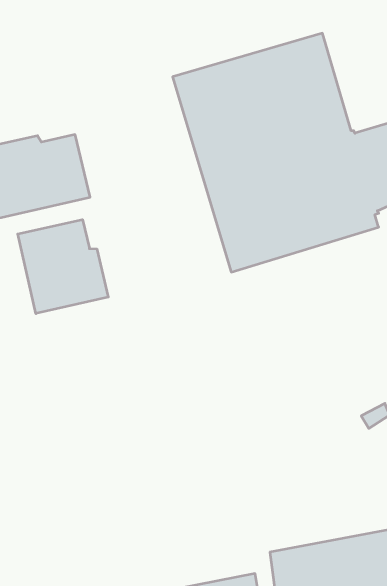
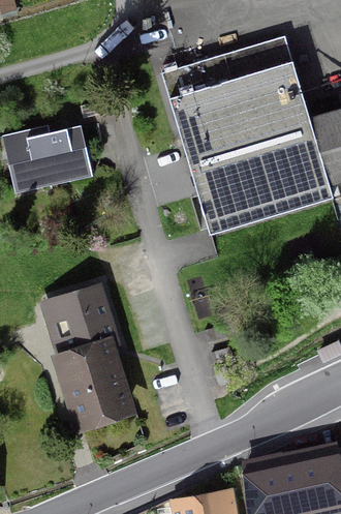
building: [18,220,108,314] -> none
building: none -> [42,298,129,427]

